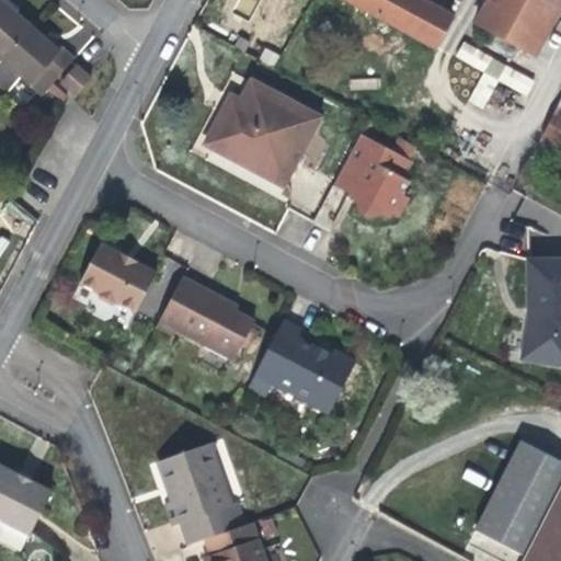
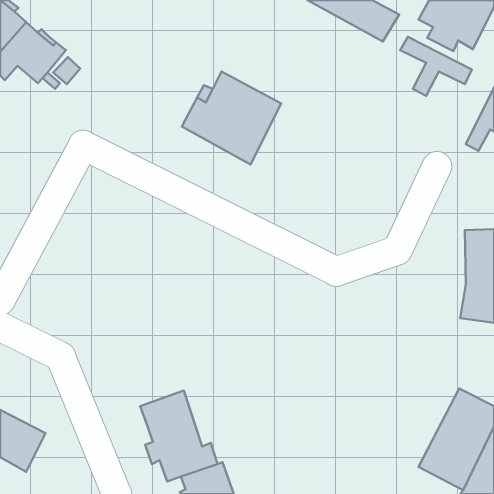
building: [333,134,412,220] -> none
building: [80,242,156,312] -> none
building: [156,275,254,362] -> none
building: [249,321,356,413] -> none

